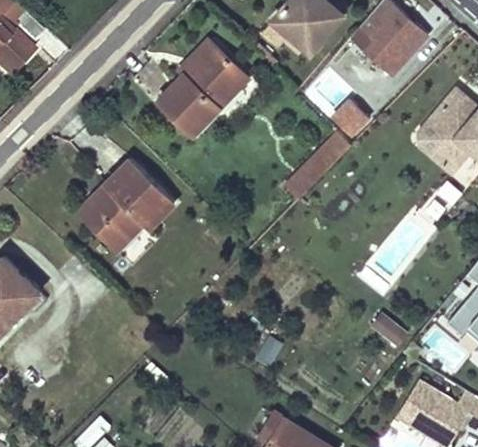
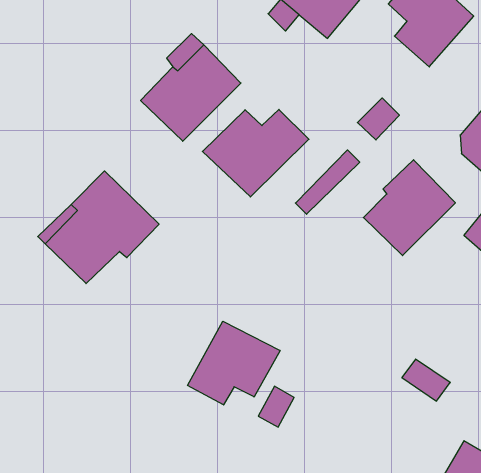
building: none -> [202,109,309,197]
building: none -> [363,160,455,256]
building: none -> [188,321,280,405]

